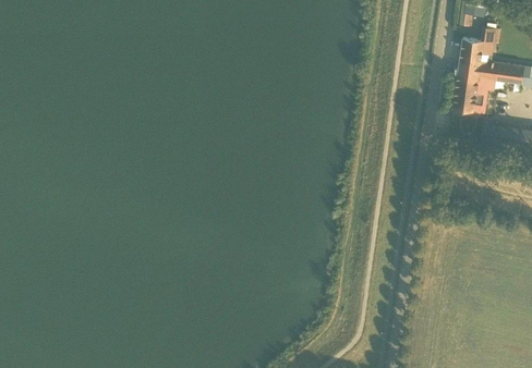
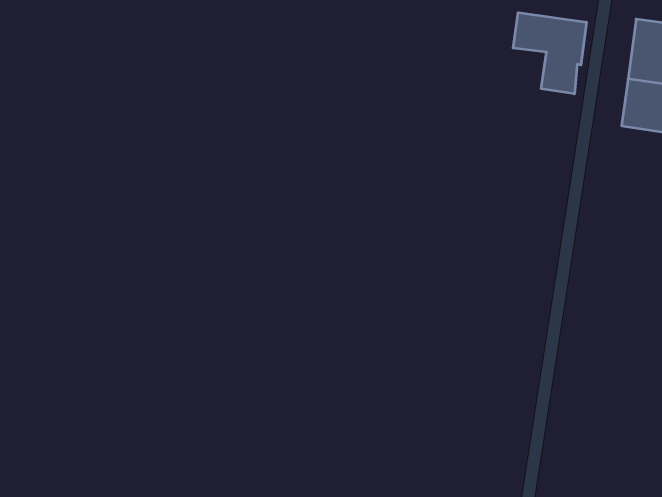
building: none -> [513,13,586,94]

